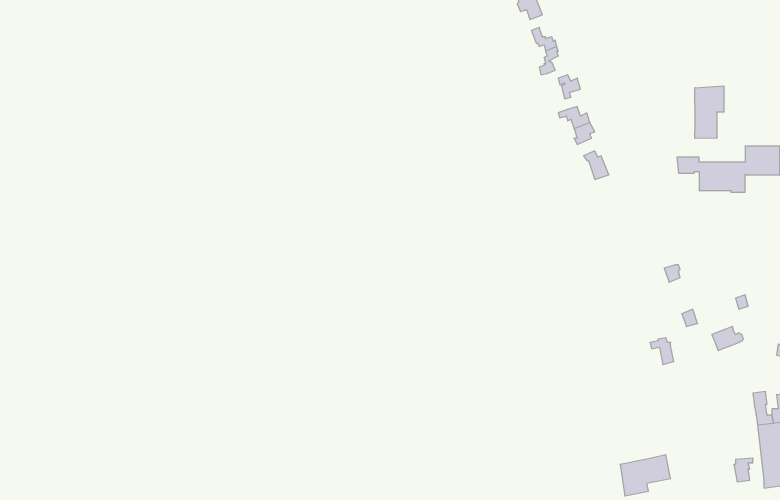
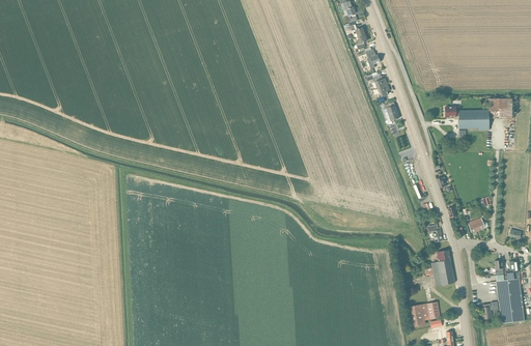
building: [695,86,724,138] -> none
building: none -> [430,250,454,286]

